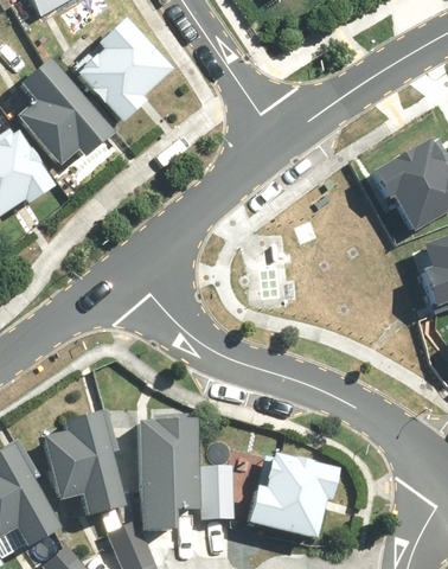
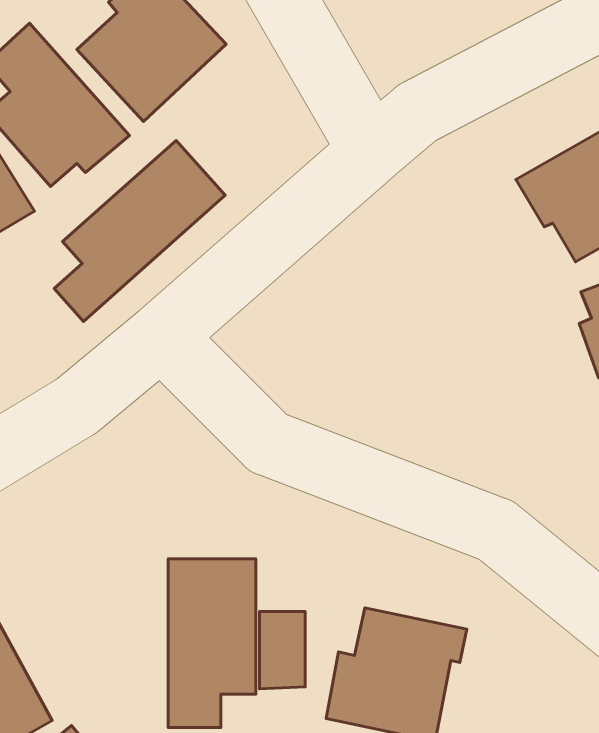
building: none -> [54,140,225,321]
building: [33,414,132,525] -> none

